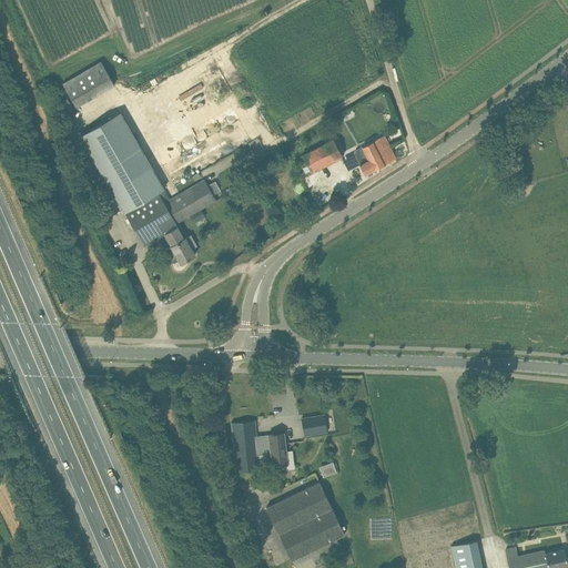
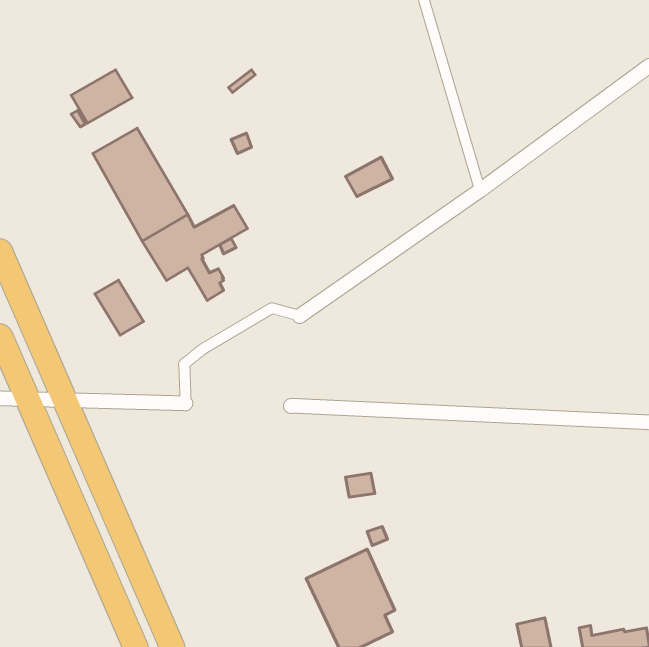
building: [354,136,396,175] -> none
building: none -> [95,280,144,335]
building: [232,422,294,474] -> none

